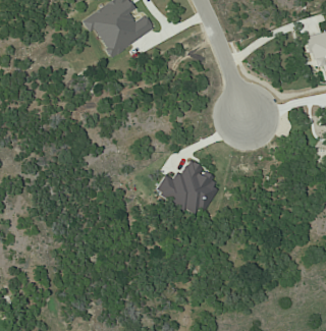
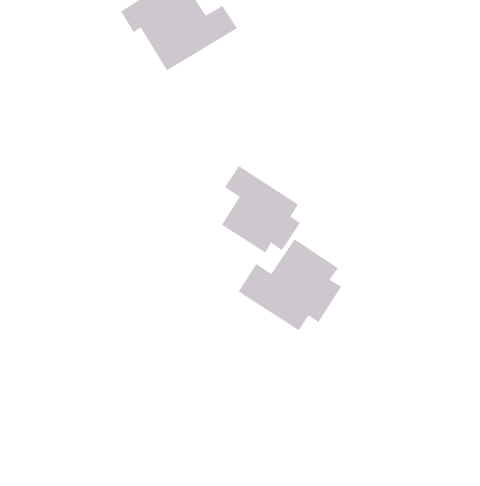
building: none -> [221,165,301,253]

